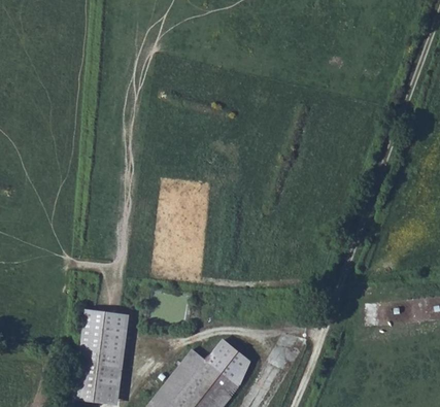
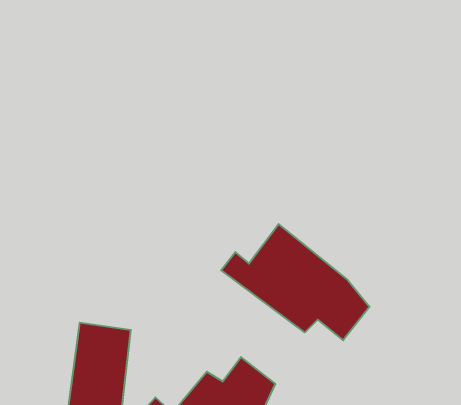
building: none -> [221,224,370,340]

